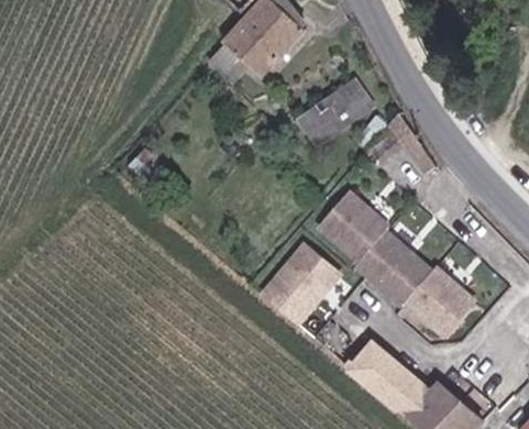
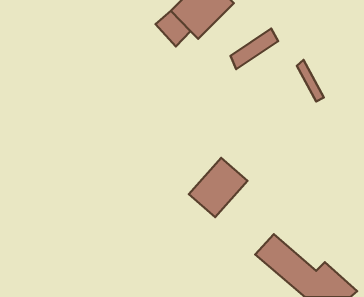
building: [321,186,470,334] -> none

